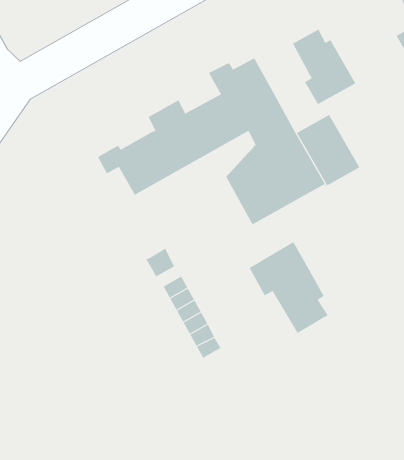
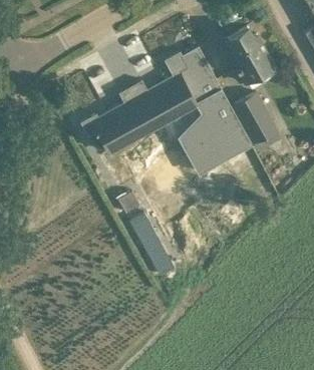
building: [249,241,328,334] -> none

